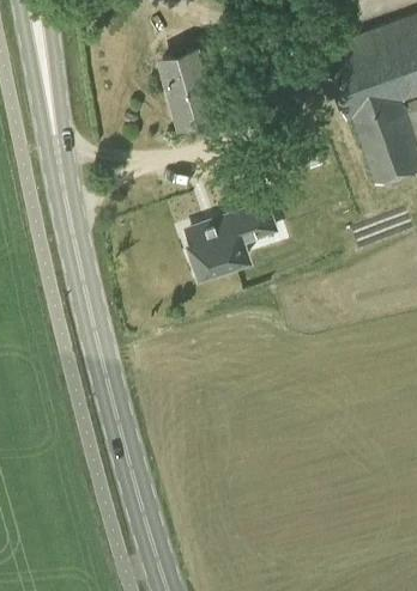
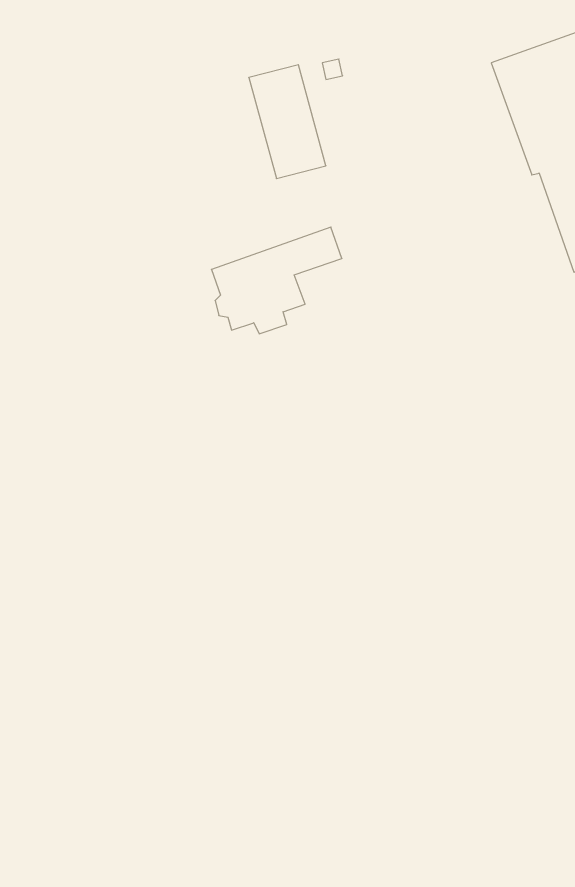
building: [189,203,274,273] -> [211,227,342,334]

